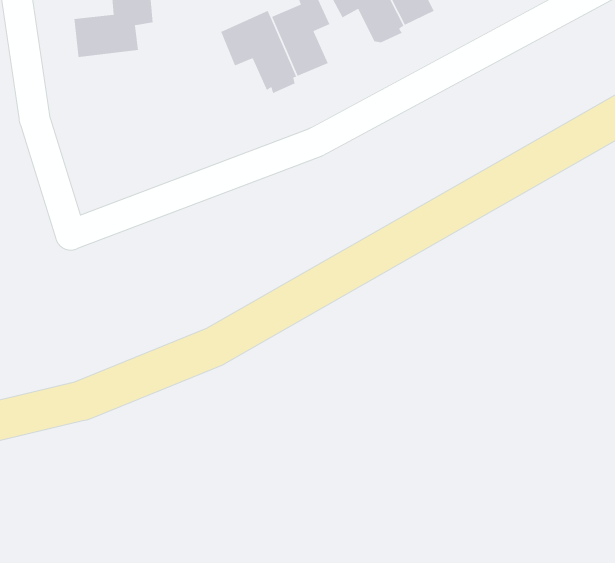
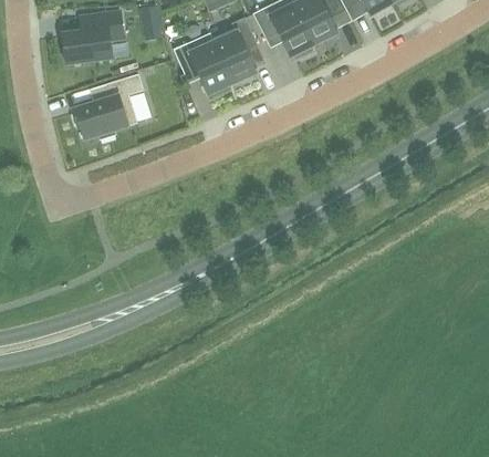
building: none -> [74,72,145,138]

